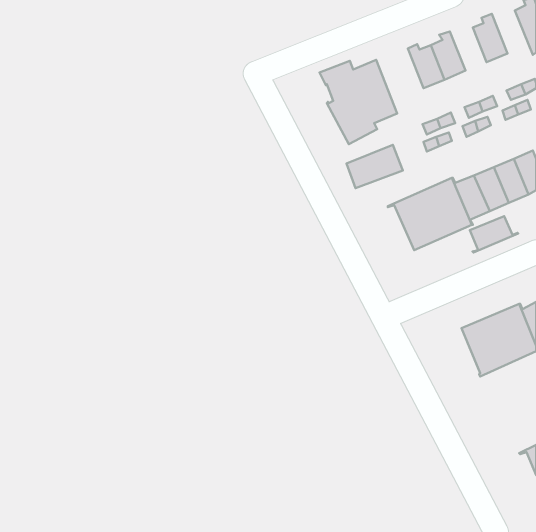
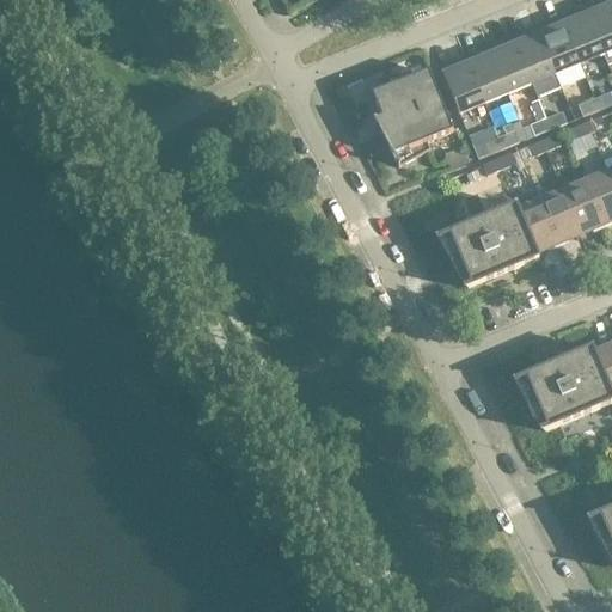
building: none -> [559,11,601,61]
building: none -> [512,31,559,93]
building: none -> [441,55,482,110]
building: [346,145,403,188] -> none
building: [470,216,518,252] -> none

